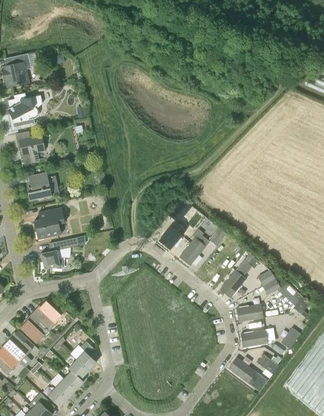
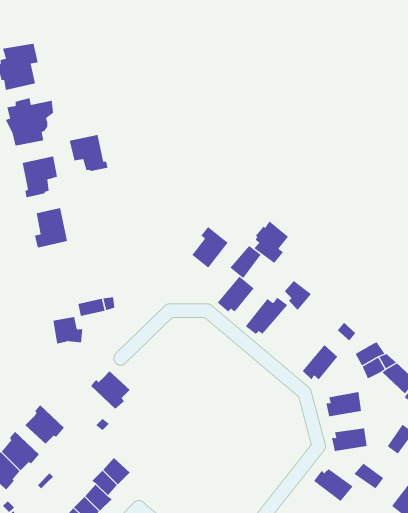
building: none -> [69,134,108,172]
building: none -> [253,221,289,264]
building: none -> [192,226,229,269]
building: [34,208,65,239] -> none
building: [32,302,61,330] -> [90,370,131,409]

